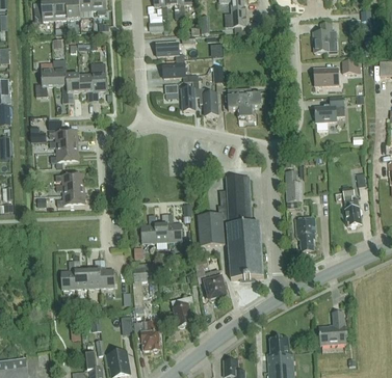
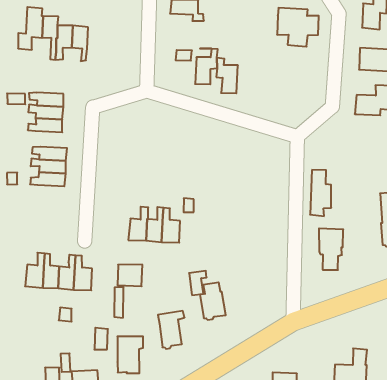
building: [162,59,198,82] -> none
building: [90,63,106,101] -> none
building: [227,87,261,117] -> [277,8,319,47]
building: [198,177,263,280] -> none

